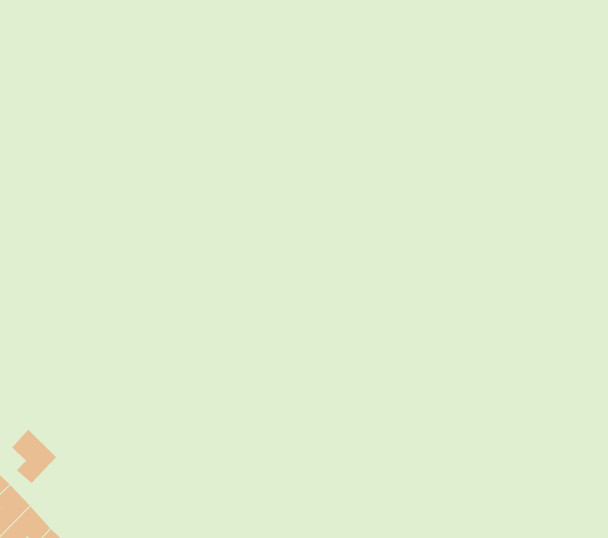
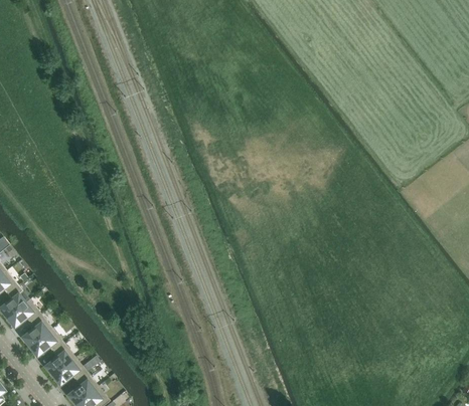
building: [11,429,57,484] -> none

